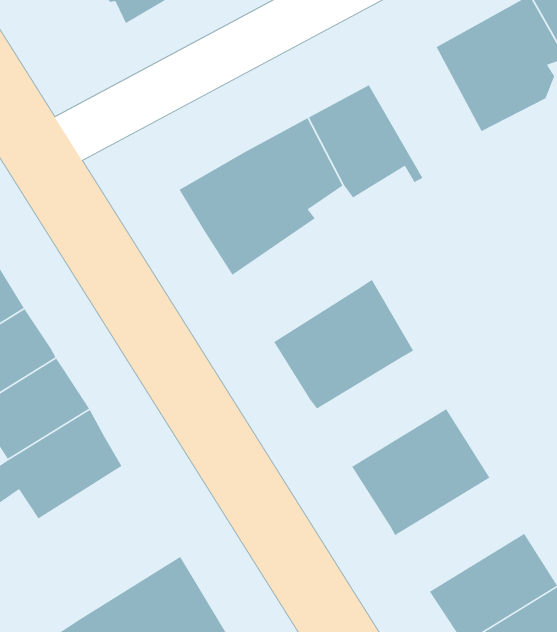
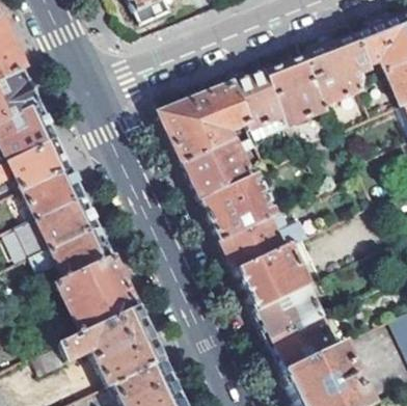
building: none -> [266,57,324,126]
building: none -> [182,140,249,202]
building: none -> [218,219,307,273]
building: none -> [56,259,137,336]
building: none -> [251,285,320,344]

